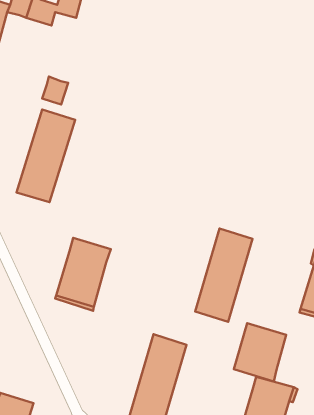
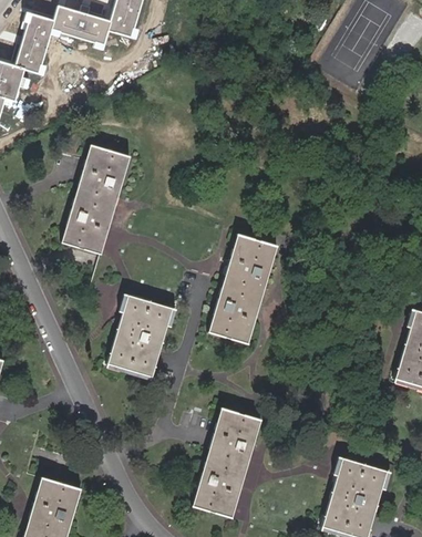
building: [42,76,68,105] -> none
building: [195,229,253,322] -> [209,234,277,343]
building: [234,323,286,381] -> none

